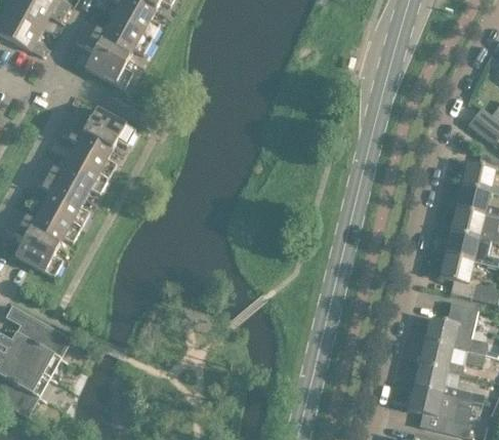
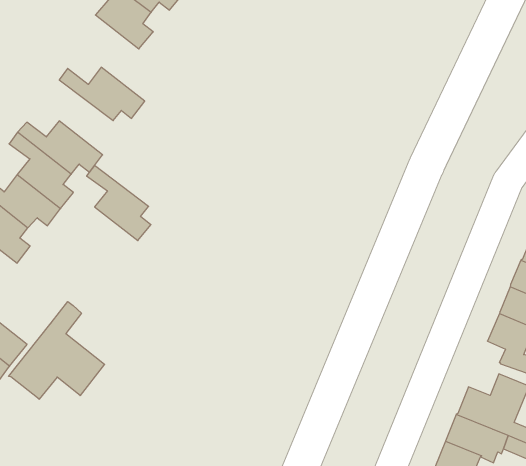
building: [58,124,116,178] -> [87,166,151,241]
building: none -> [9,302,105,399]

